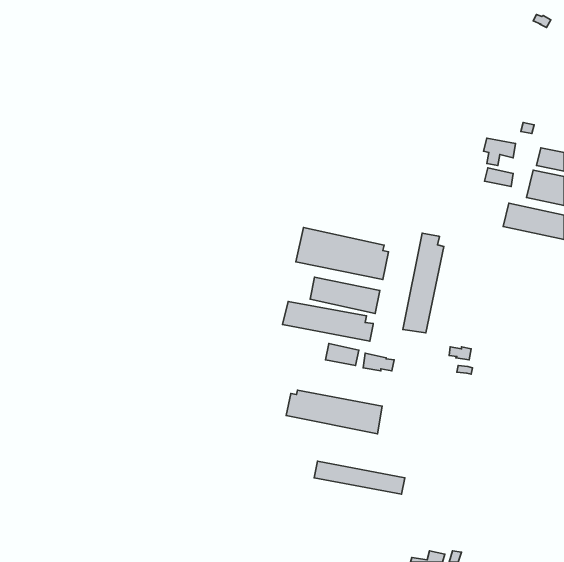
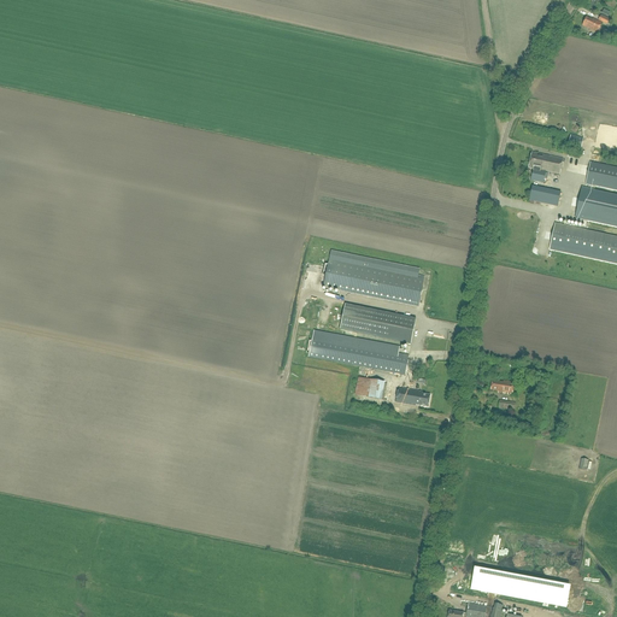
building: [403,233,444,333] -> none
building: [286,390,382,434] -> none
building: [314,461,405,494] -> [471,569,570,605]

